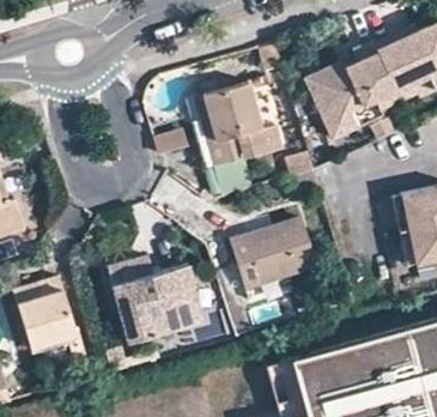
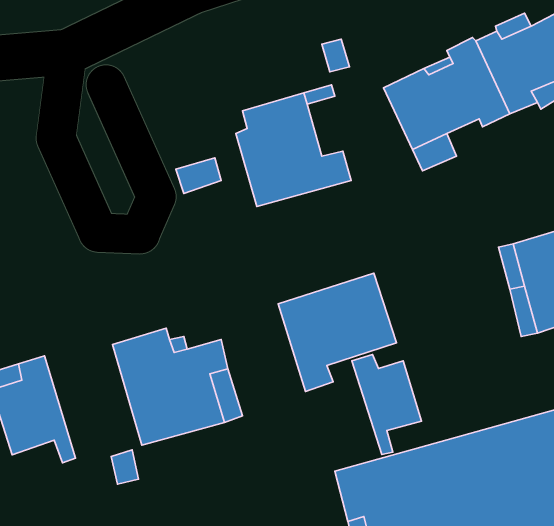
building: none -> [352,354,421,455]

